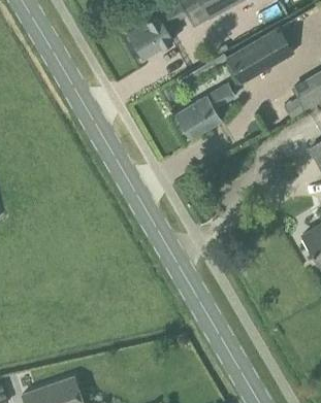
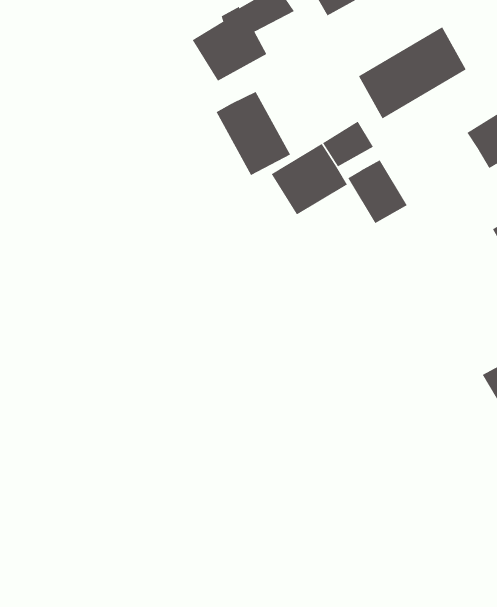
building: none -> [216,91,291,176]
building: none -> [347,160,407,224]

